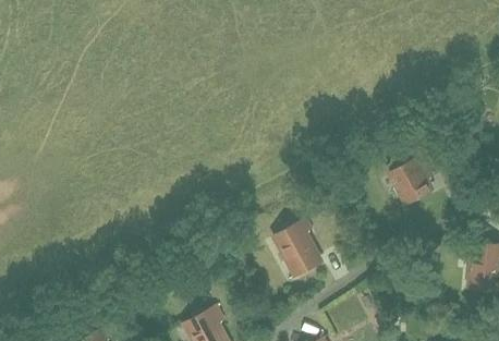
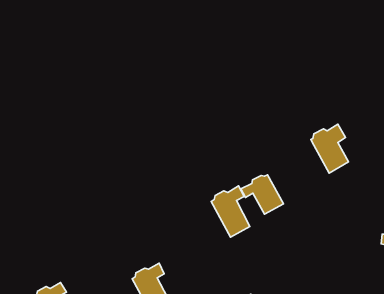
building: none -> [241,175,283,214]

